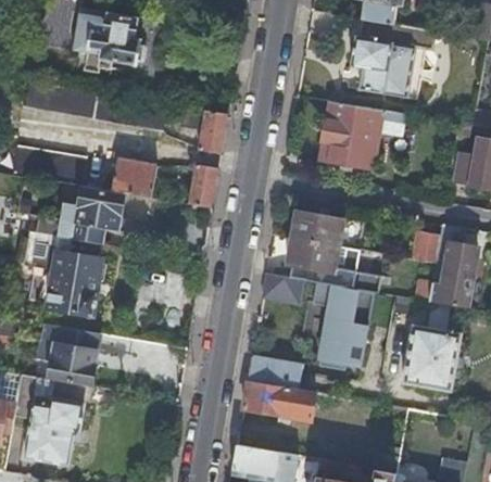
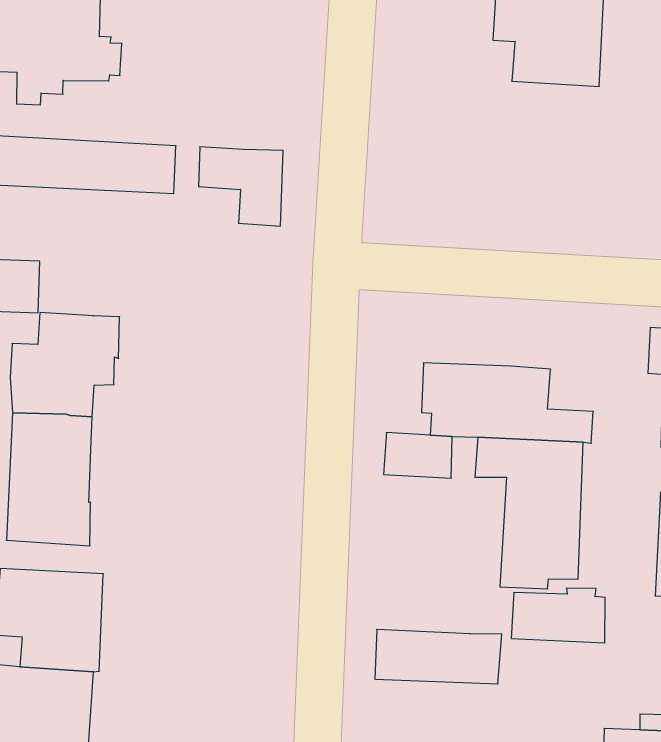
building: [318,102,405,170] -> none
building: [112,160,158,198] -> none
building: [189,165,218,208] -> none
building: [290,212,342,246] -> none
building: [247,357,301,391] -> [511,588,605,643]

